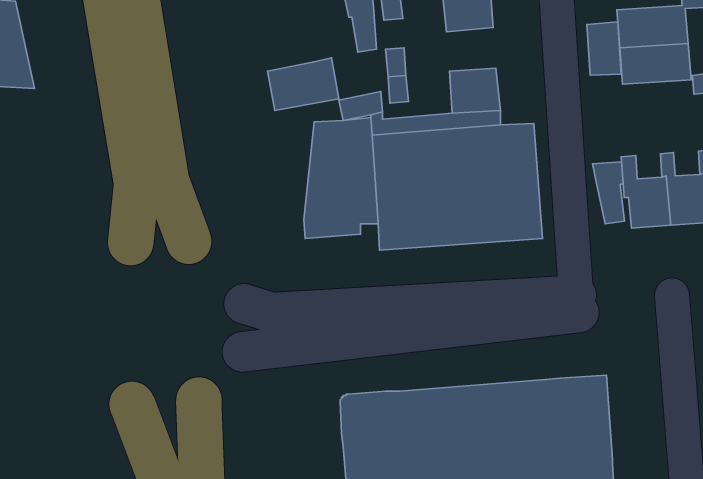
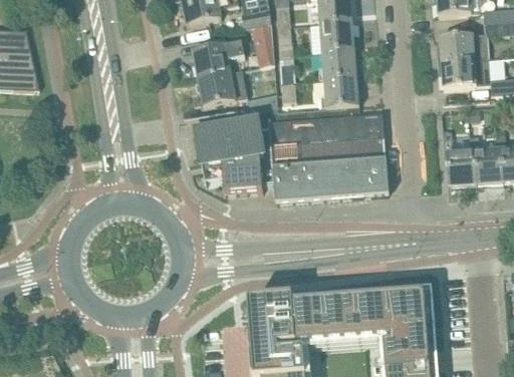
building: none -> [192,38,244,75]
building: [587,22,621,75] -> none
building: none -> [321,45,355,75]
building: none -> [187,110,230,181]
building: [593,162,625,224] -> none

